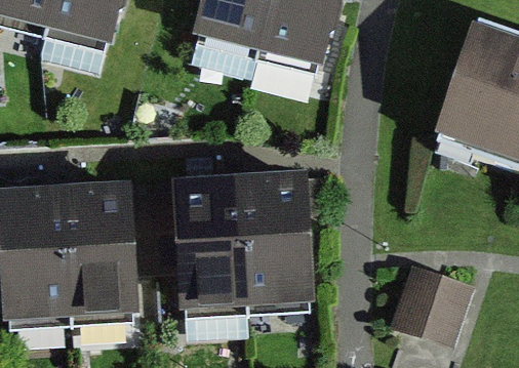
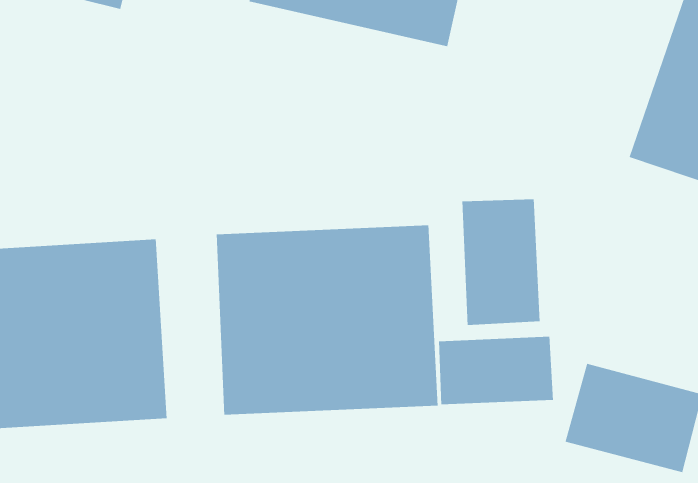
building: none -> [461,198,540,326]
building: none -> [438,336,554,405]

